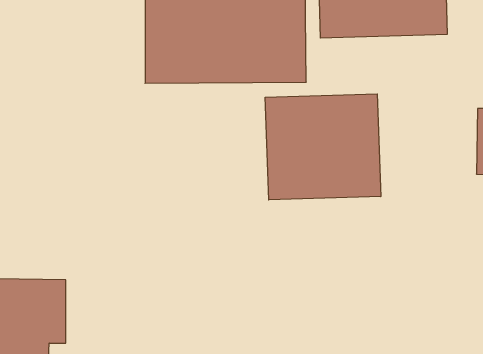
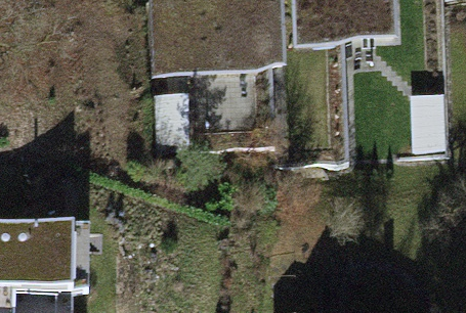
building: [265,94,381,200] -> none

